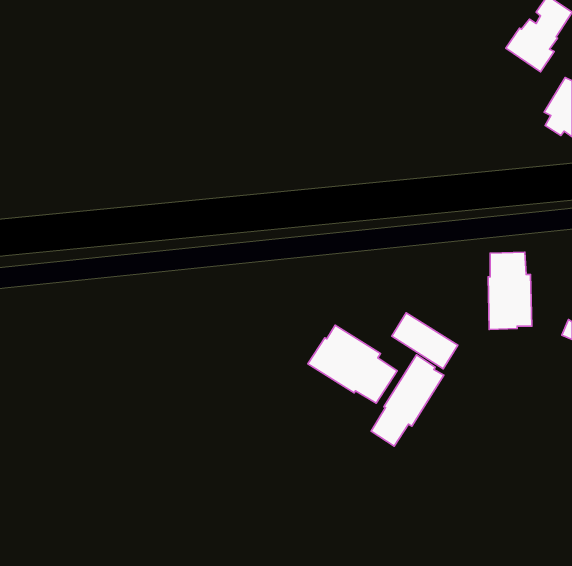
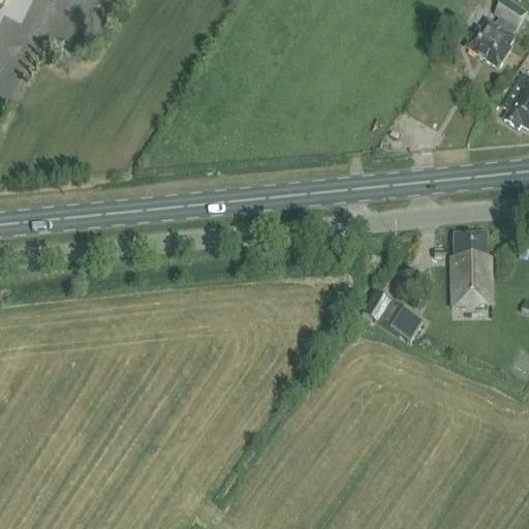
building: [308,325,397,403] -> none
building: [371,355,444,446] -> none

